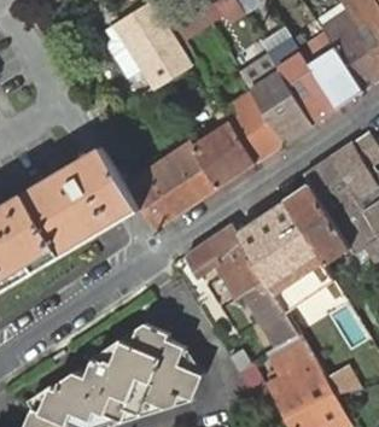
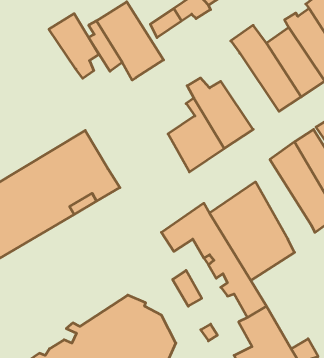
building: none -> [49,14,99,78]
building: [234,62,311,144] -> none
building: [127,144,215,229] -> none
building: [286,186,346,262] -> none

